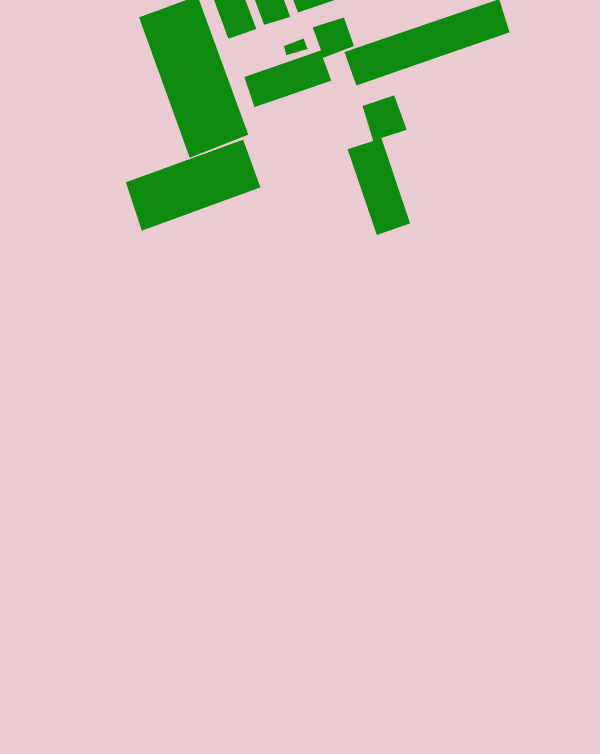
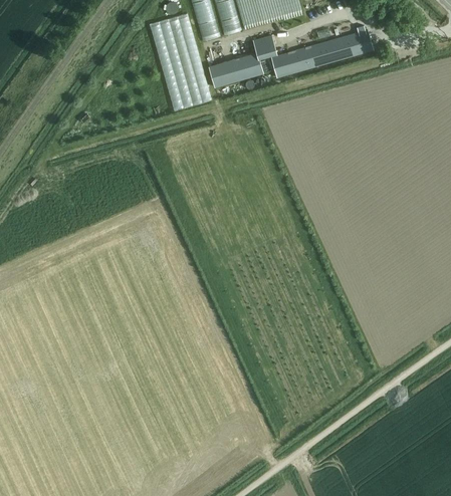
building: [347,94,411,236] -> none
building: [125,139,261,232] -> none

